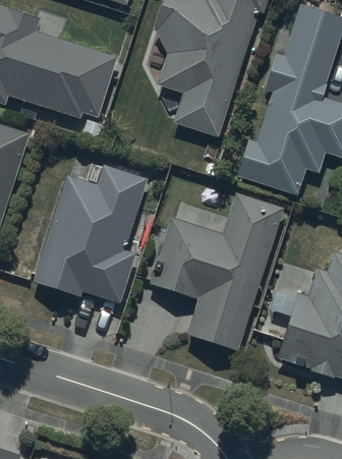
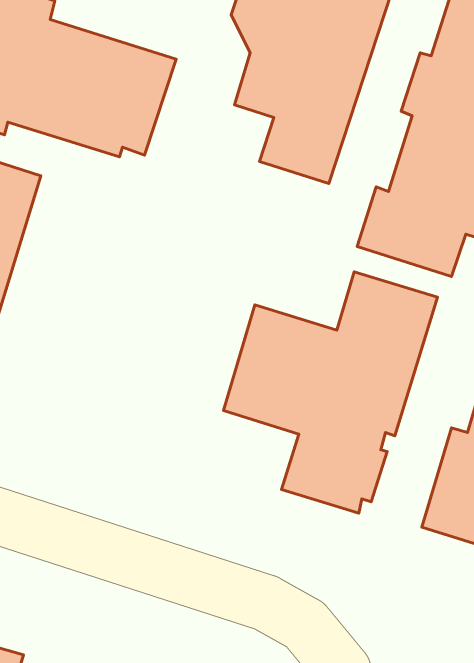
building: [35,165,147,303] -> none

